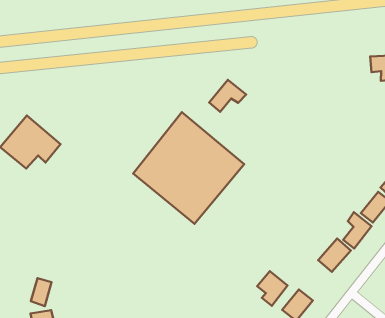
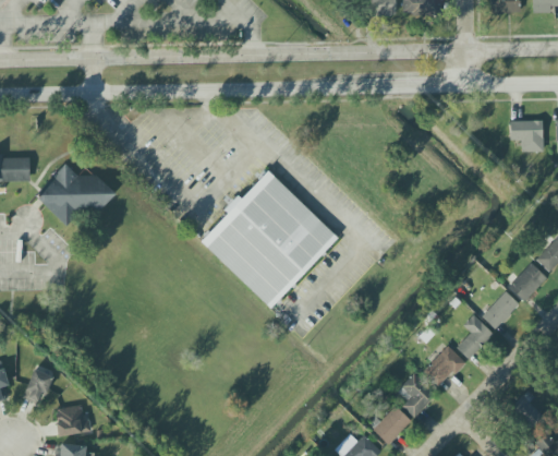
building: [209,80,246,112] -> none
building: [257,271,288,306] -> [398,372,436,416]
building: [31,278,52,306] -> [23,369,51,405]

